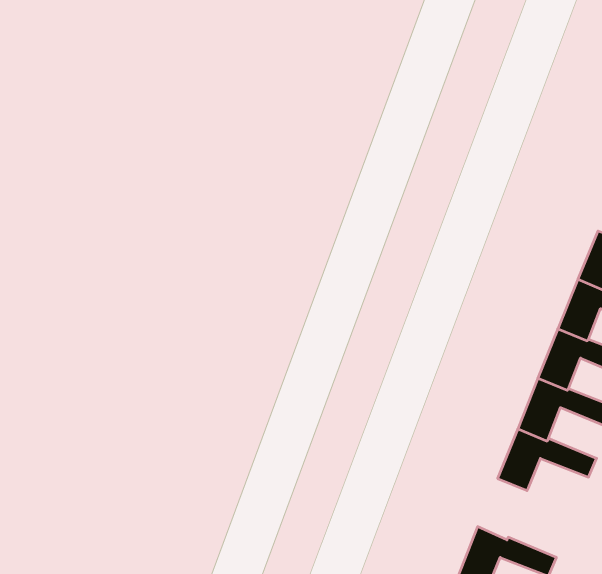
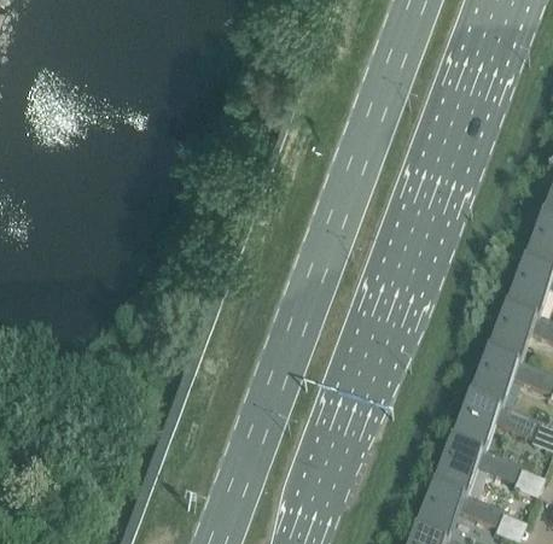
building: none -> [432,440,522,496]

